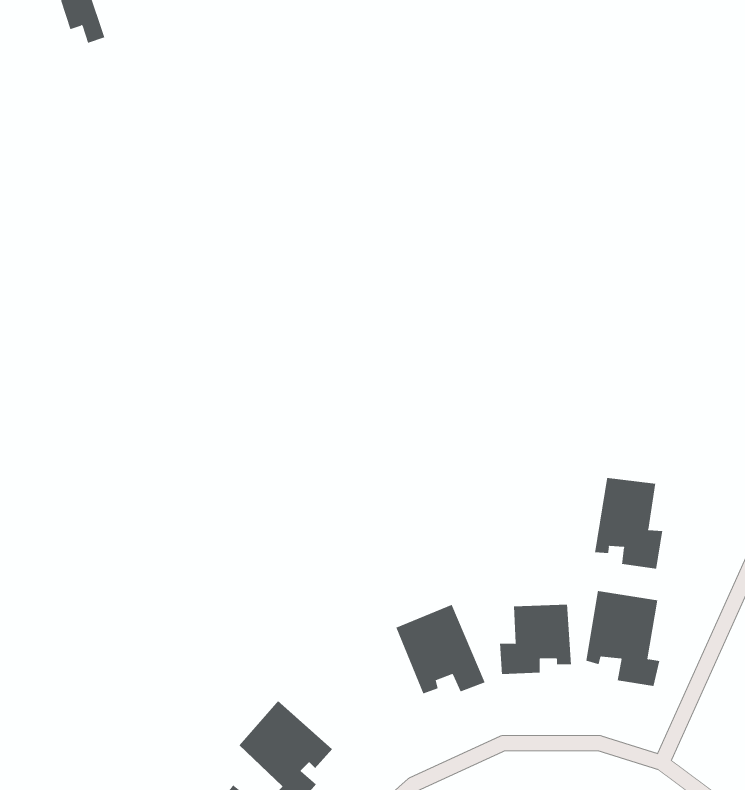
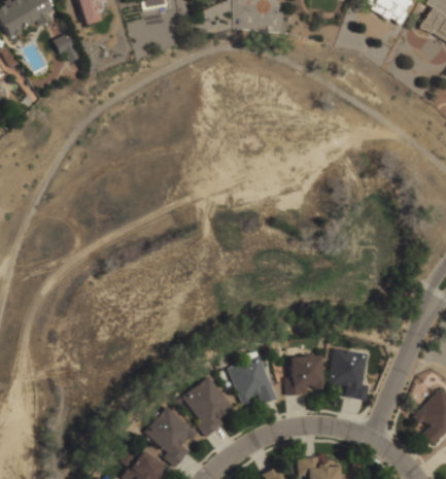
building: [594,477,663,570] -> none
building: none -> [184,377,234,436]

